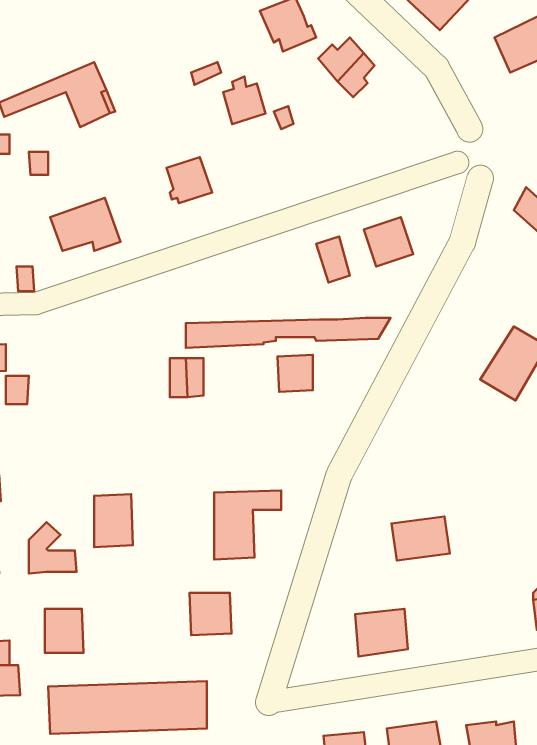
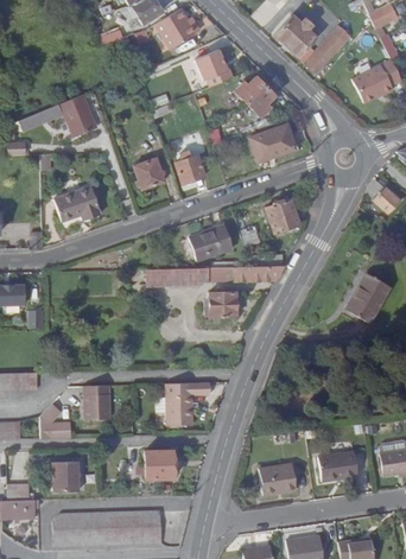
building: [223,76,266,124] -> [176,151,204,183]
building: none -> [249,125,296,163]
building: none -> [194,222,237,259]
building: [392,516,450,560] -> [318,451,357,481]

